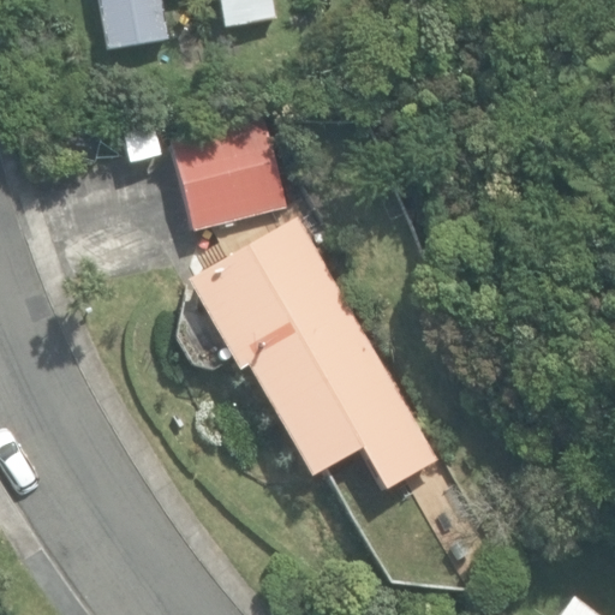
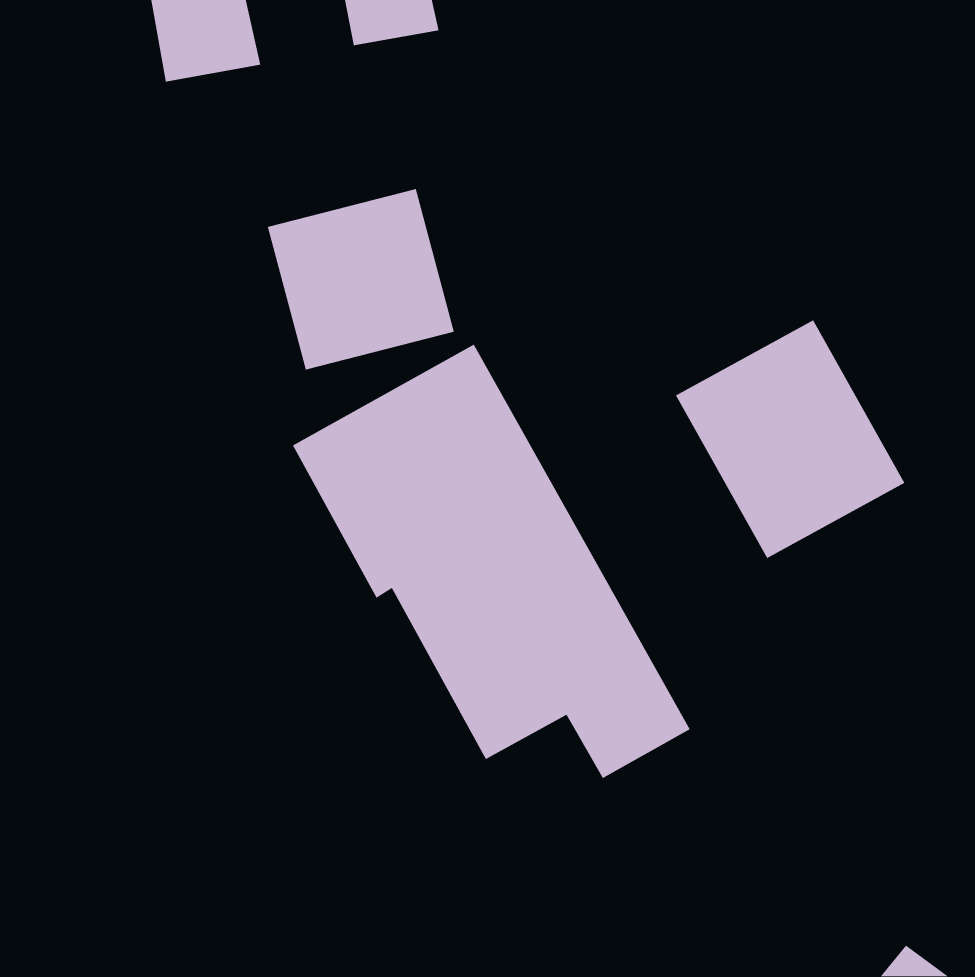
building: none -> [675,319,906,559]

